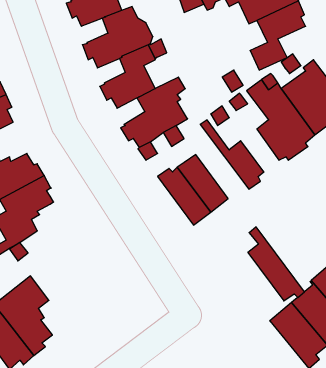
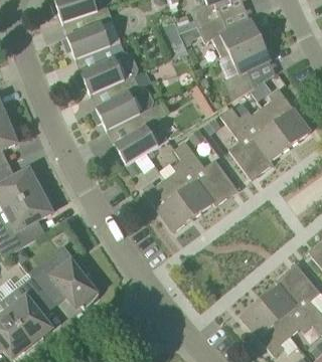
building: [248,227,305,301] -> [172,145,221,209]
building: none -> [31,256,99,309]

